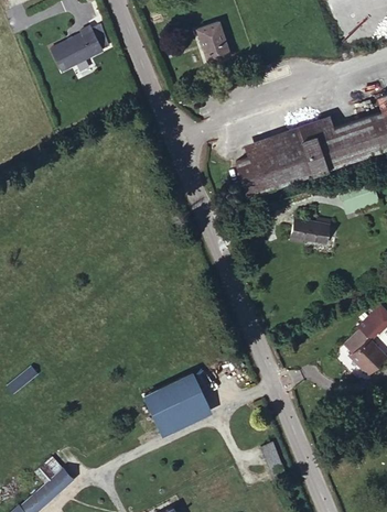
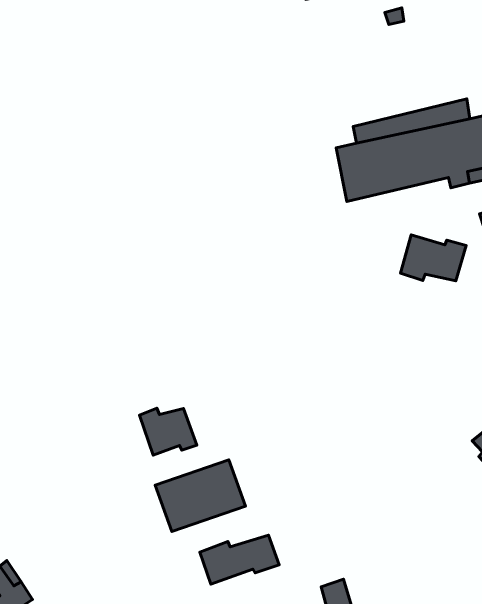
building: none -> [140,408,197,455]
building: none -> [200,535,279,584]

